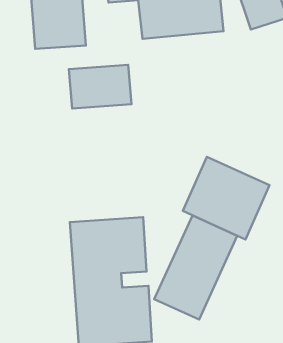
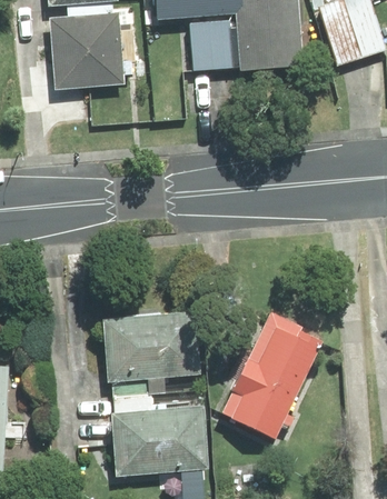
building: [69,65,132,109] -> none
building: [183,157,270,239] -> none

